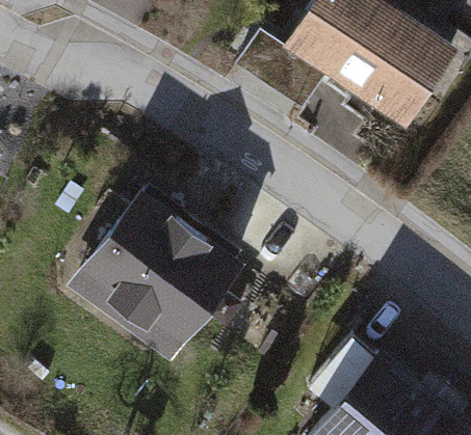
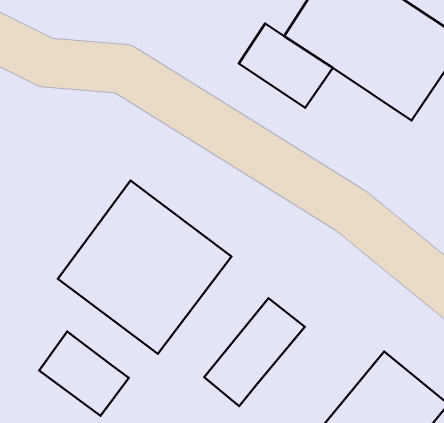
building: none -> [204,298,305,406]
building: none -> [39,332,129,416]

